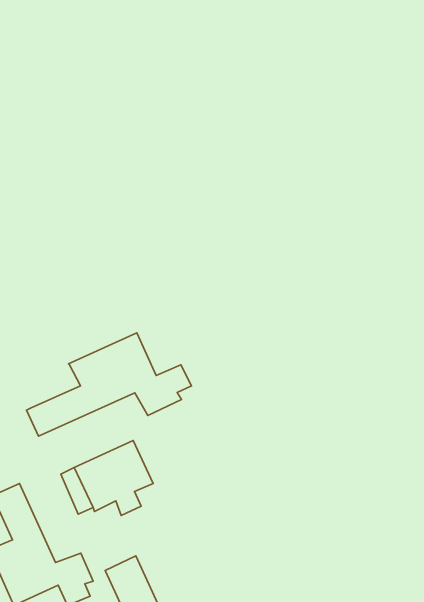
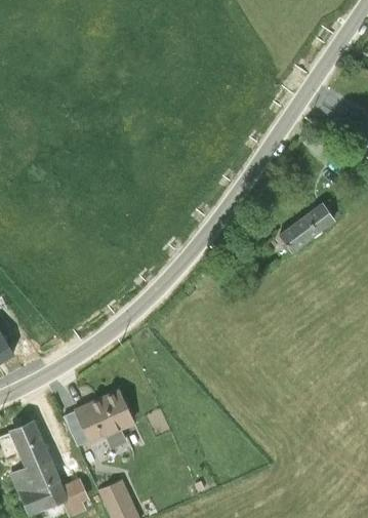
building: none -> [279,204,335,253]
building: [27,333,192,436] -> none

